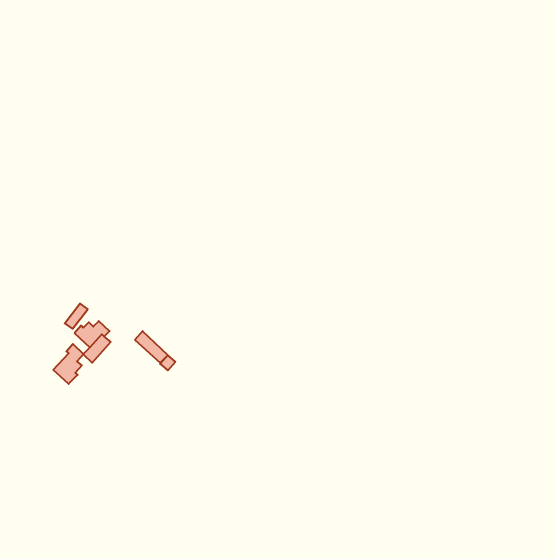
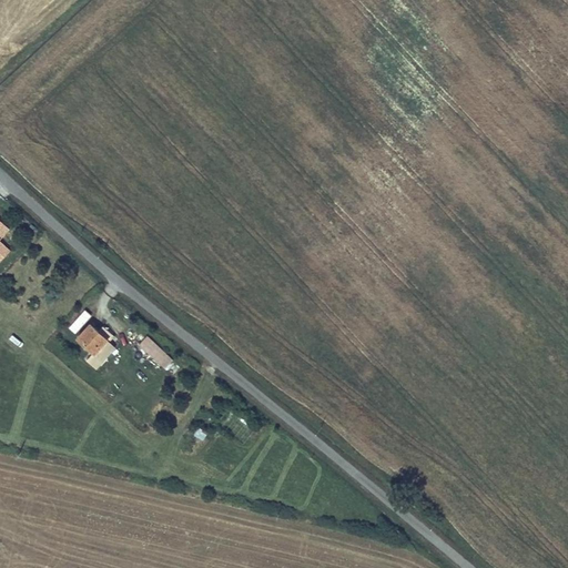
building: [53,344,83,384] -> none

